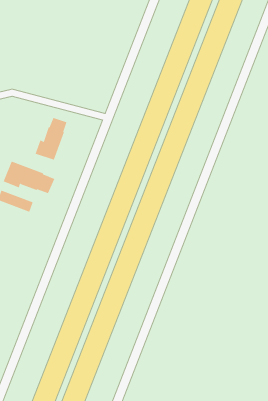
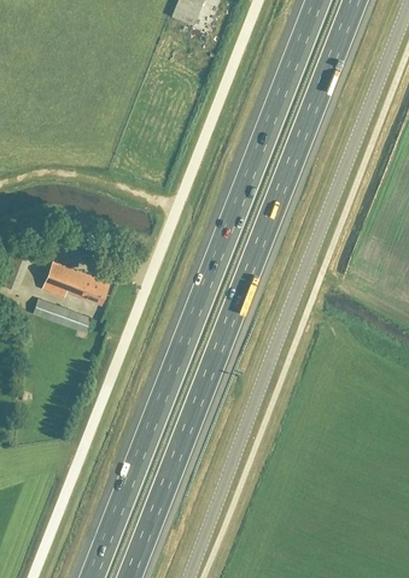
building: [35,117,67,161] -> none

